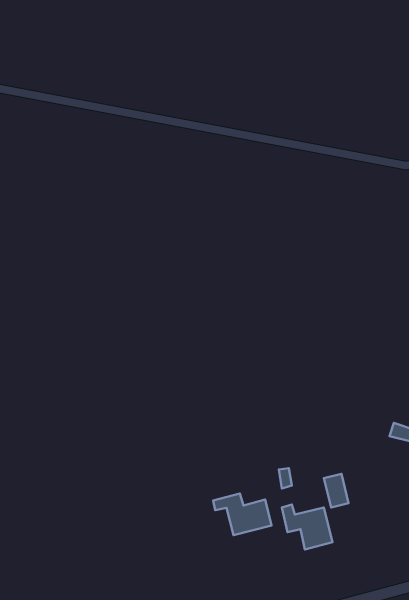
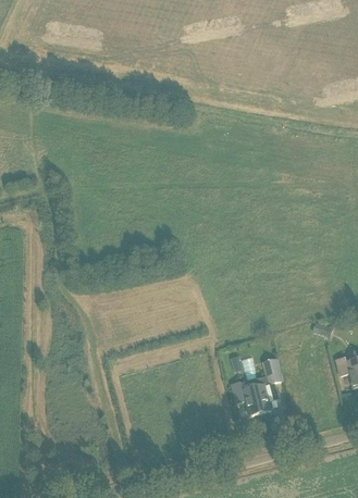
building: [213,493,271,535] -> none

